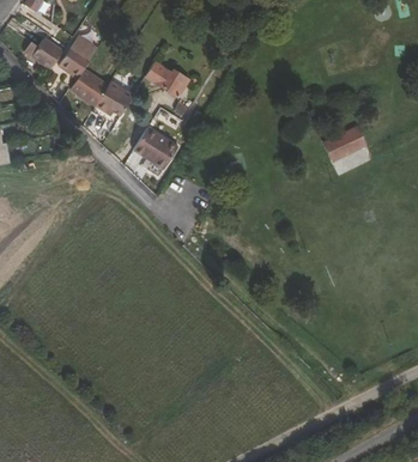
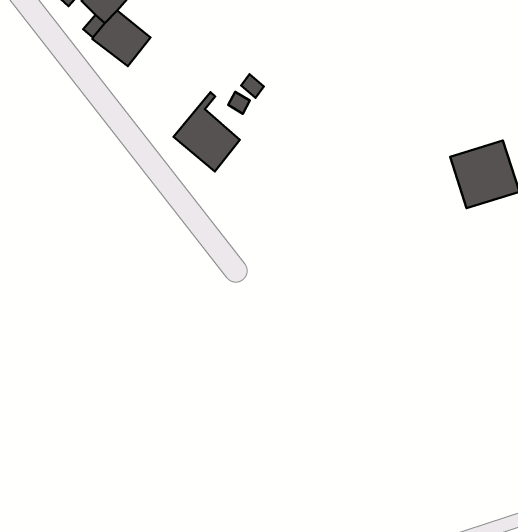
building: [146,61,189,96] -> none
building: [95,79,134,115] -> none

